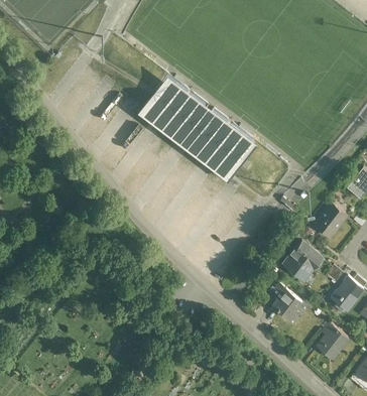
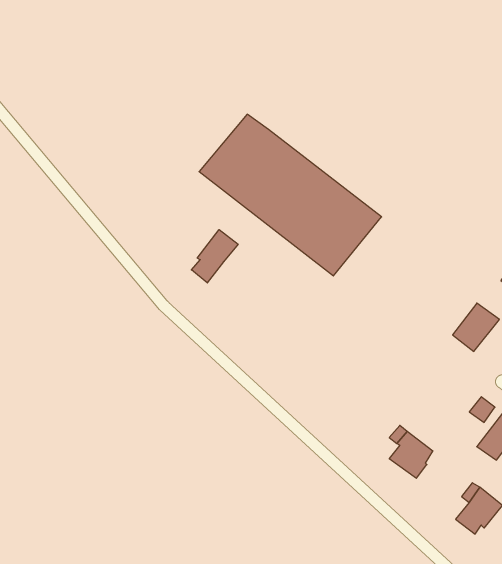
building: none -> [191,230,238,283]
building: [282,242,319,280] -> none

